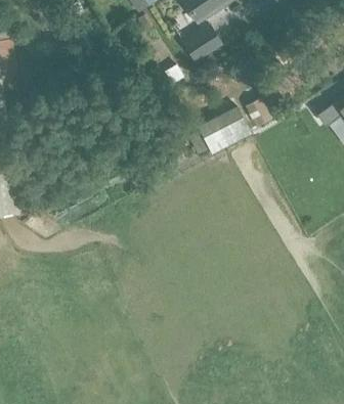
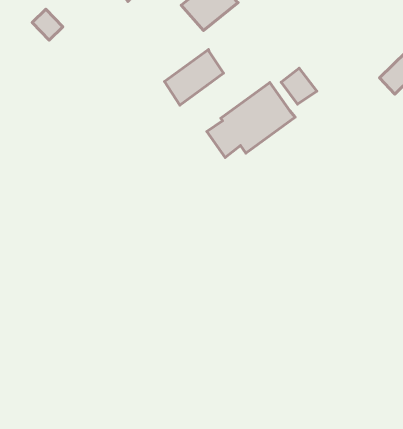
building: none -> [165,49,224,105]

